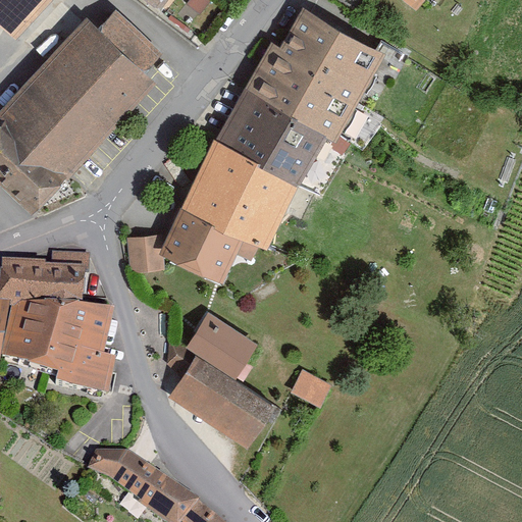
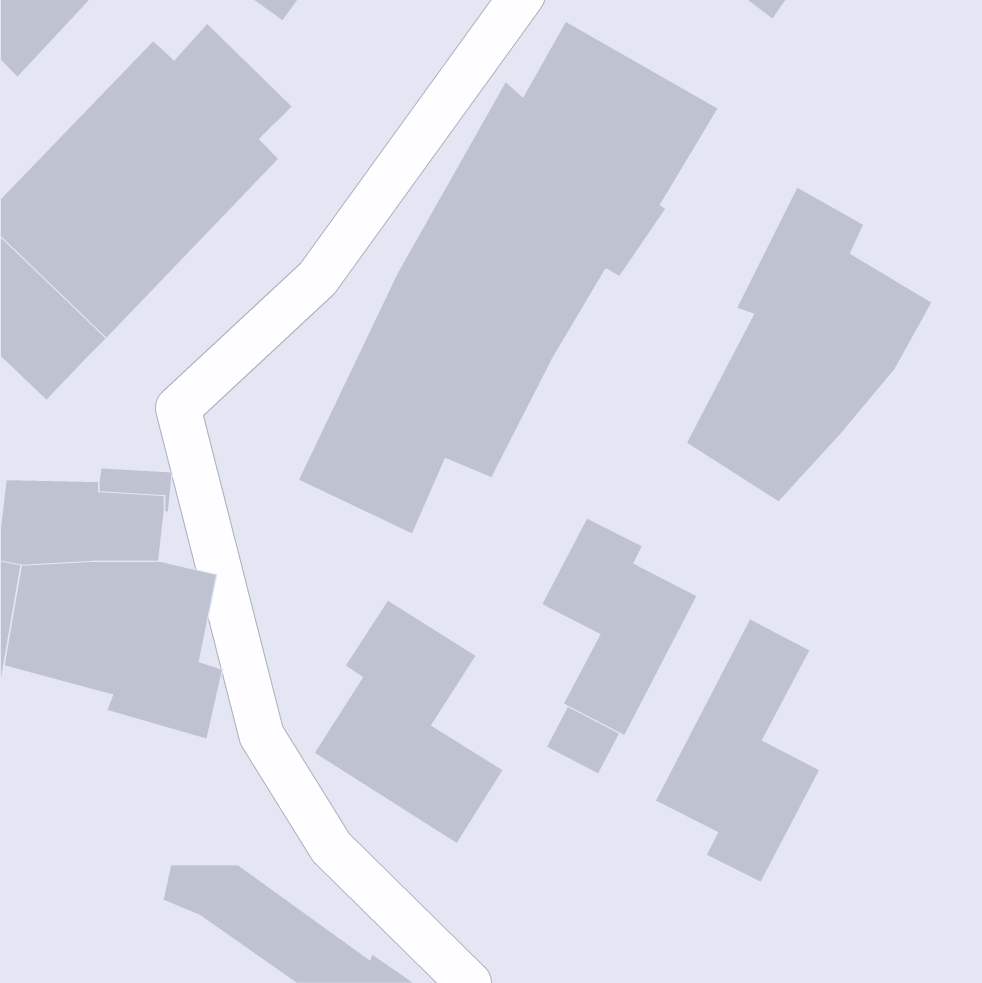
building: none -> [686,187,932,502]
building: [128,240,162,275] -> none
building: none -> [542,518,697,736]
building: none -> [655,619,820,883]

